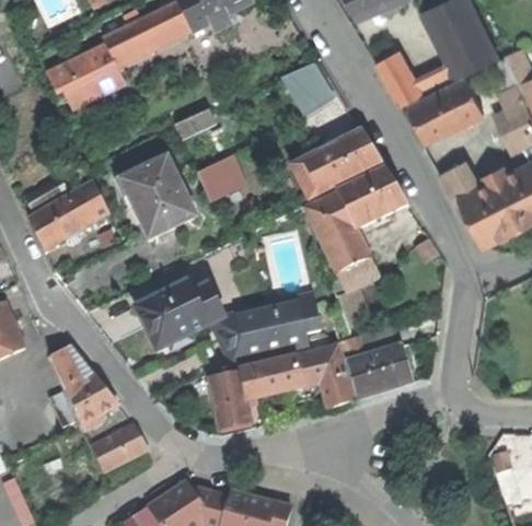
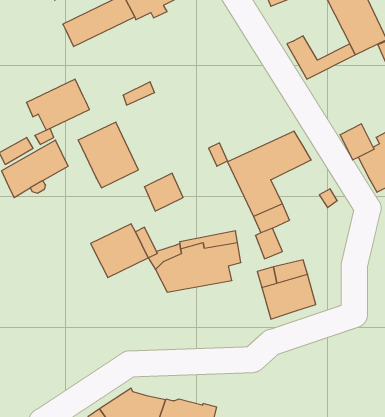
building: [47,46,124,108] -> [26,79,89,130]
building: [286,59,340,117] -> none
building: [409,78,484,141] -> none
building: [291,130,381,195] -> none
building: [197,156,244,202] -> [144,173,183,211]
building: [50,346,117,430] -> none
building: [208,346,352,429] -> none
building: [92,424,147,471] -> none

